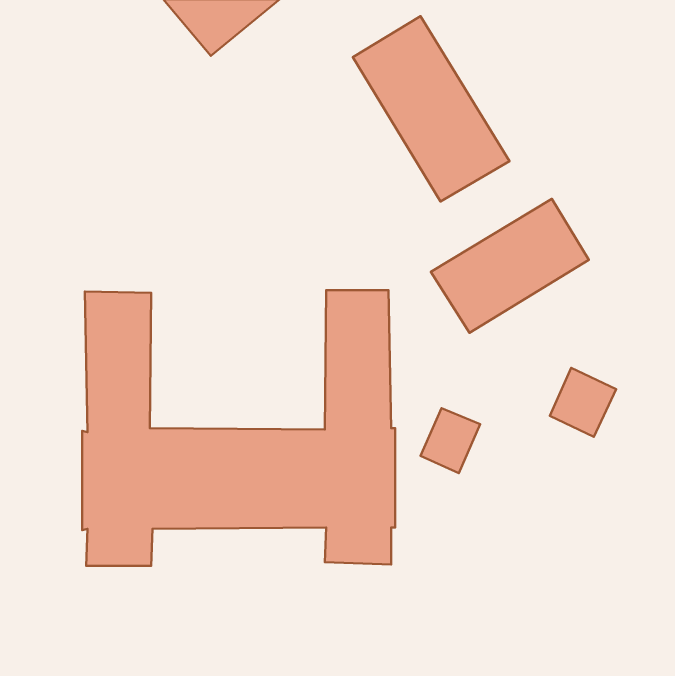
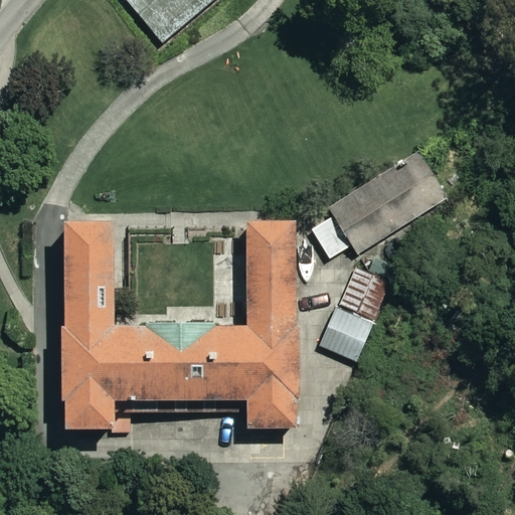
building: [353,16,509,201] -> none
building: [550,368,616,437] -> [339,268,389,320]

